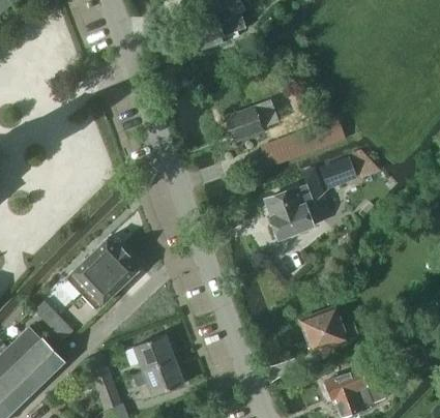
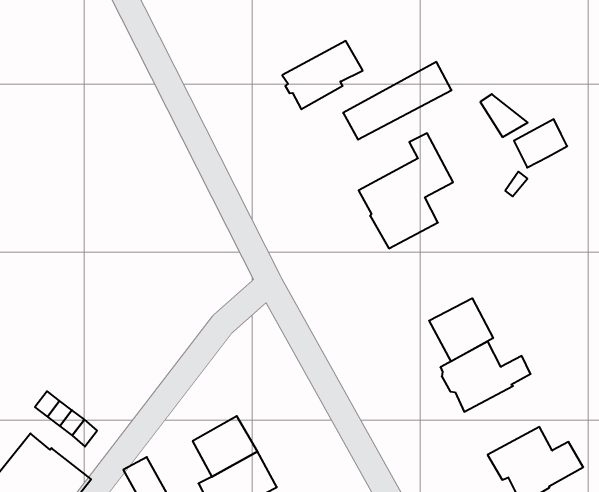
building: [321,158,355,187] -> [514,119,567,168]
building: [65,238,138,310] -> none
building: none -> [429,298,493,361]

